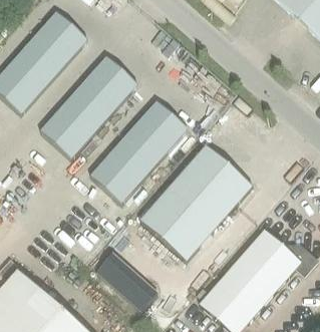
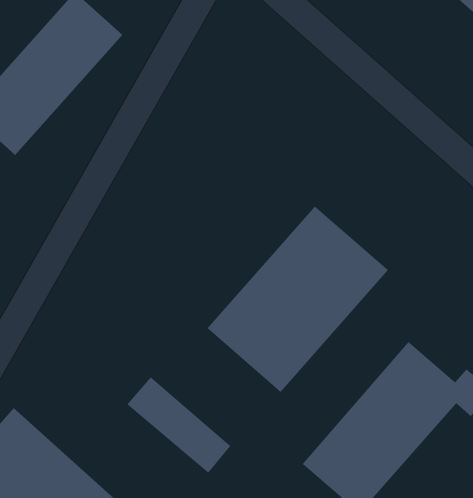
building: [41,55,138,157] -> none
building: [91,99,189,202] -> none

